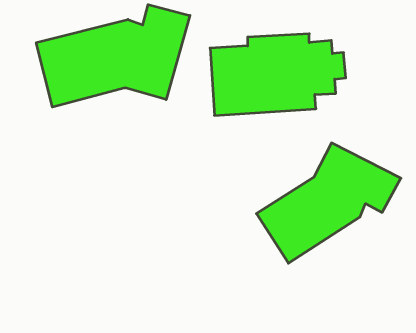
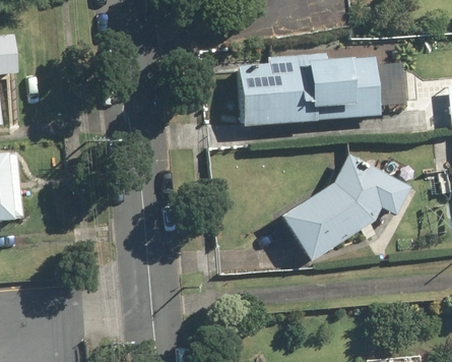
building: [36,5,190,107] -> none

